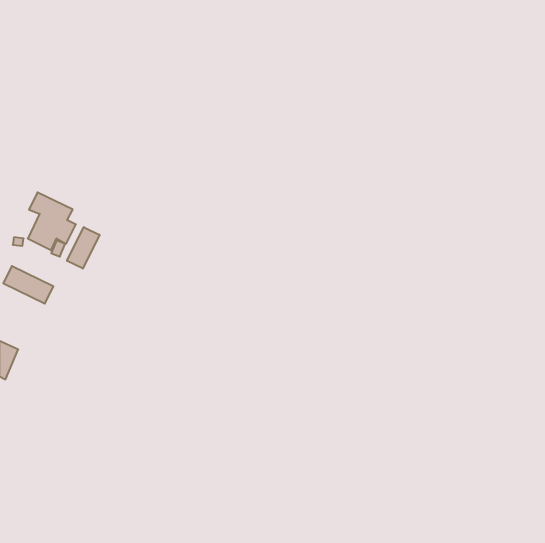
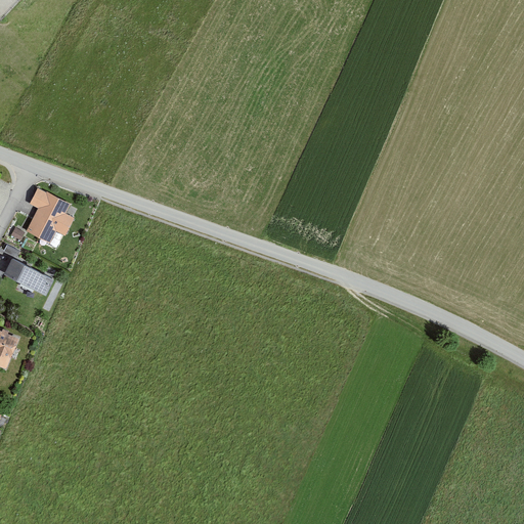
building: [67,227,100,269] -> none

